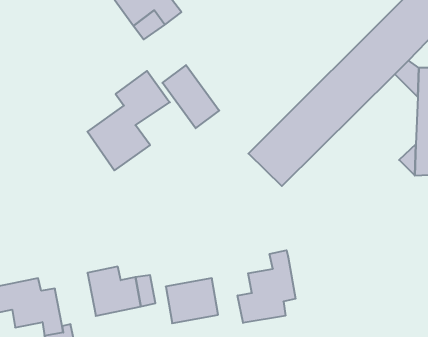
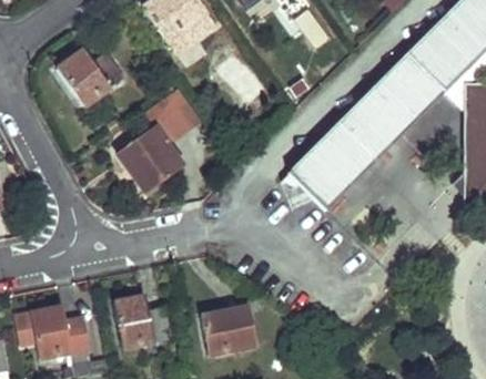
building: none -> [58,48,124,104]
building: [162,65,219,128] -> none
building: [238,250,296,323] -> none

